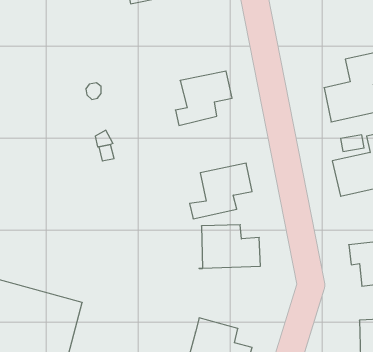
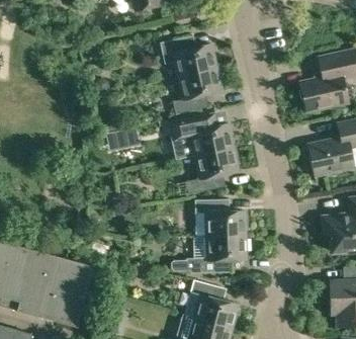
building: none -> [160,35,216,76]
building: none -> [169,114,234,158]
building: none -> [168,235,247,273]

